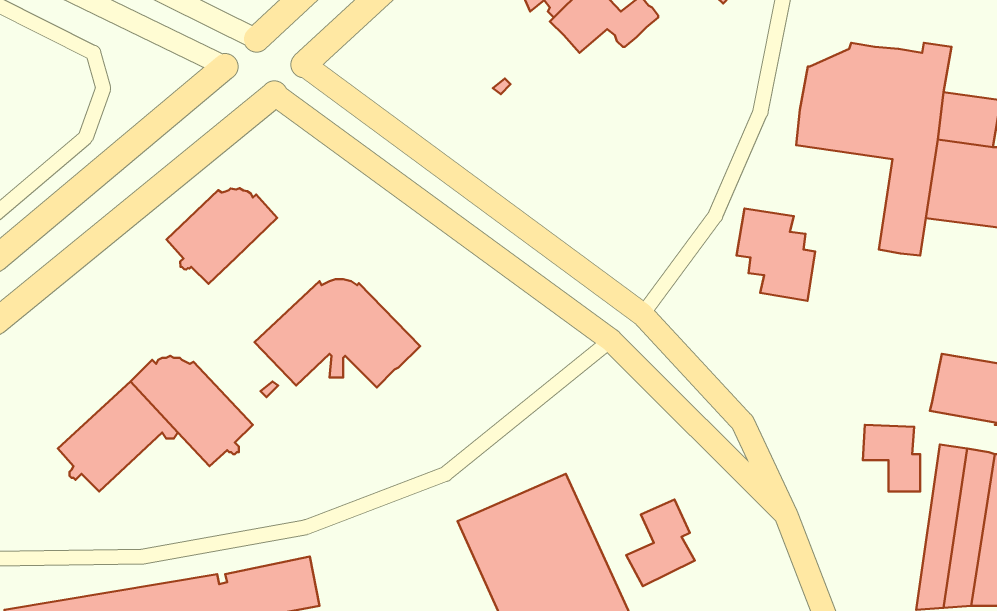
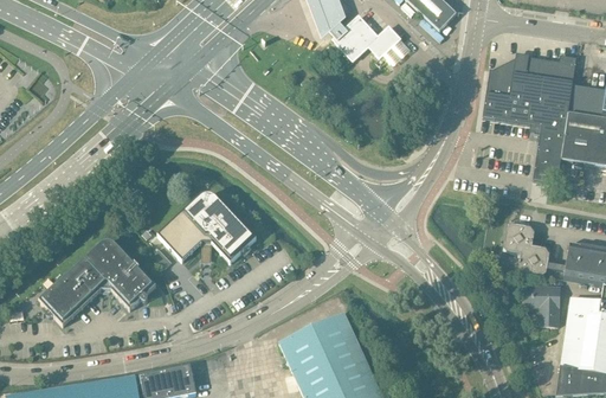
building: [166,188,277,284] -> none
building: [737,208,815,301] -> [502,222,549,277]
building: [626,499,695,586] -> none

